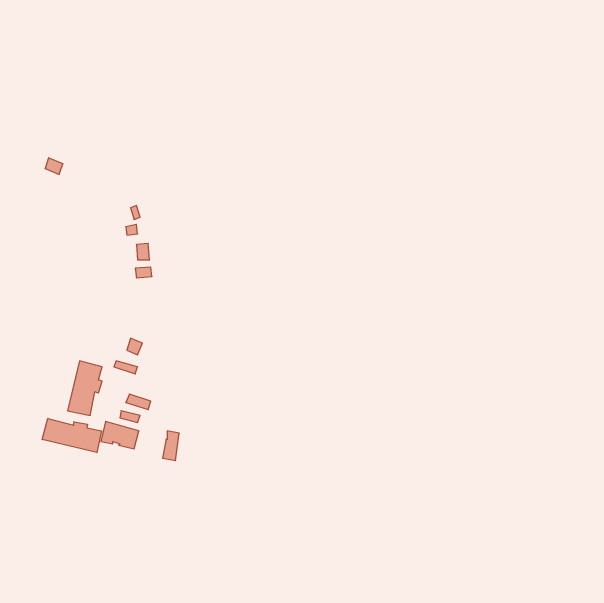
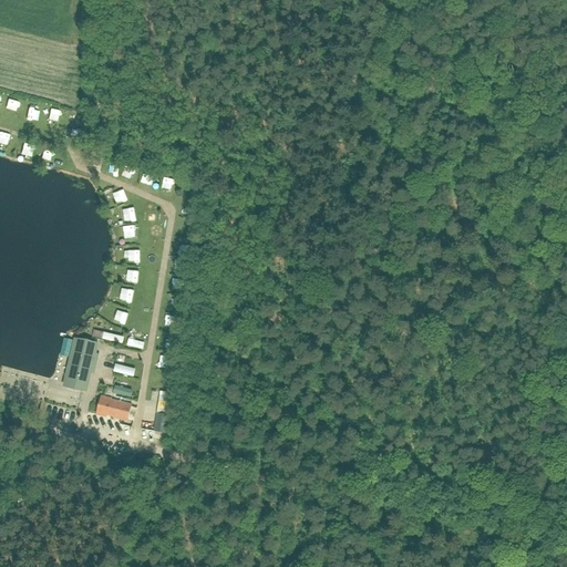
building: [42,418,101,453] -> none

